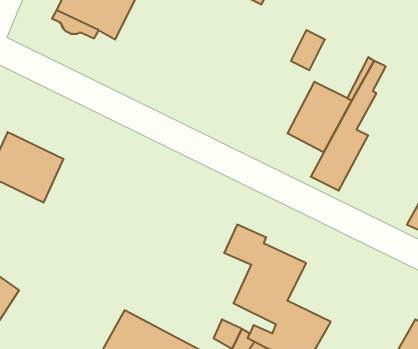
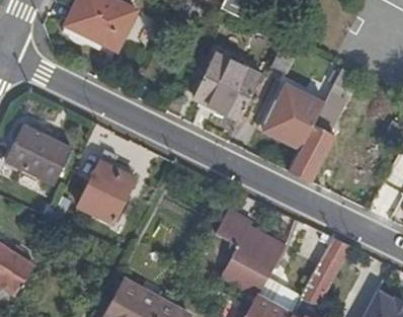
building: none -> [194,51,263,120]
building: none -> [82,144,137,216]
building: none -> [300,237,352,311]

